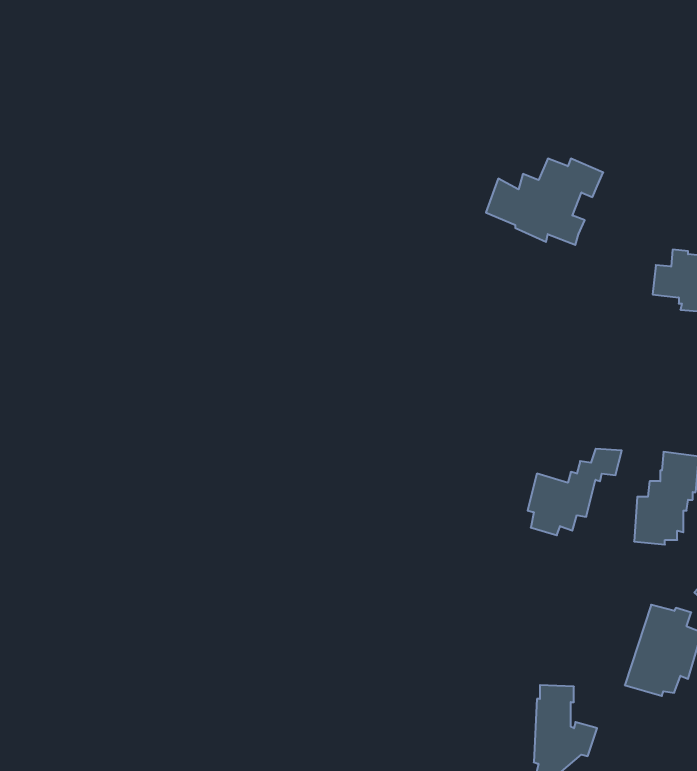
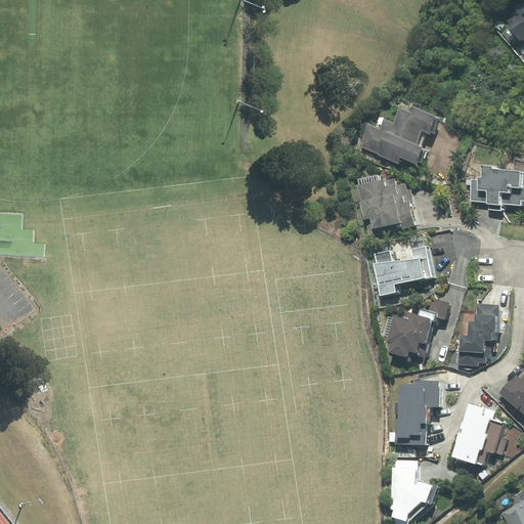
building: none -> [357,176,416,233]
building: none -> [374,246,433,296]
building: none -> [394,381,439,445]

